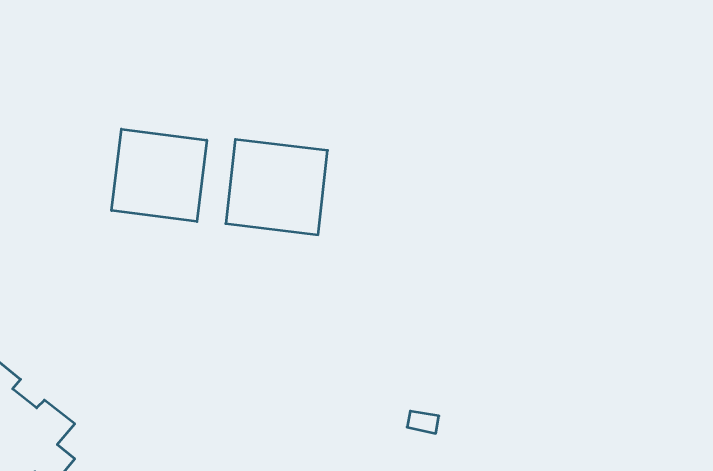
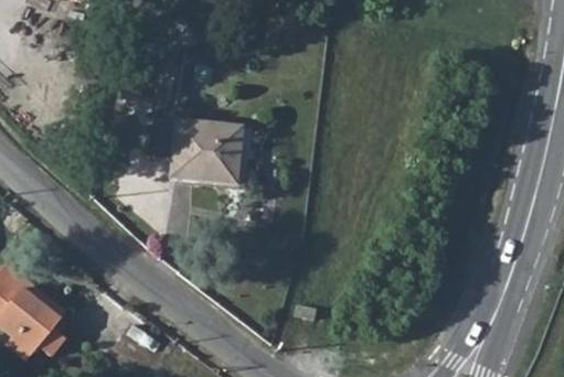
building: [112,129,207,222] -> none

